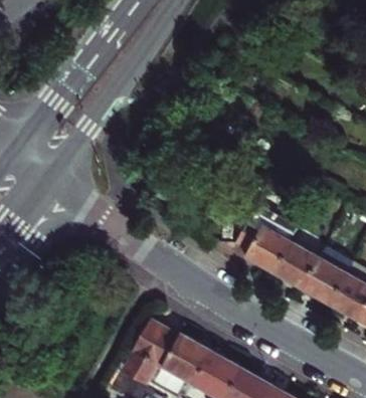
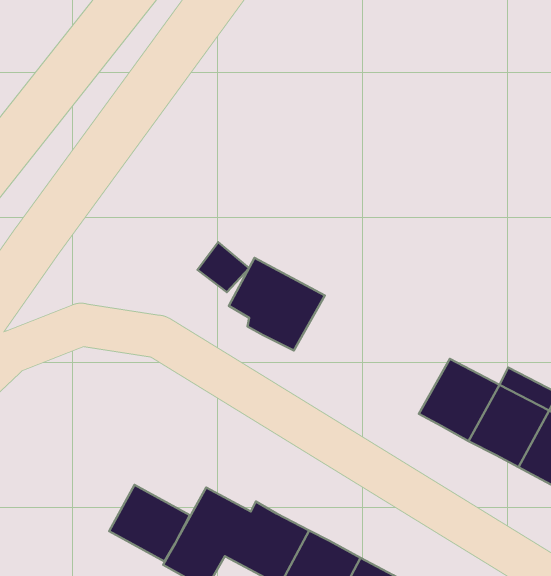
building: [234,227,291,281] -> [229,258,325,351]
building: none -> [109,485,190,562]

